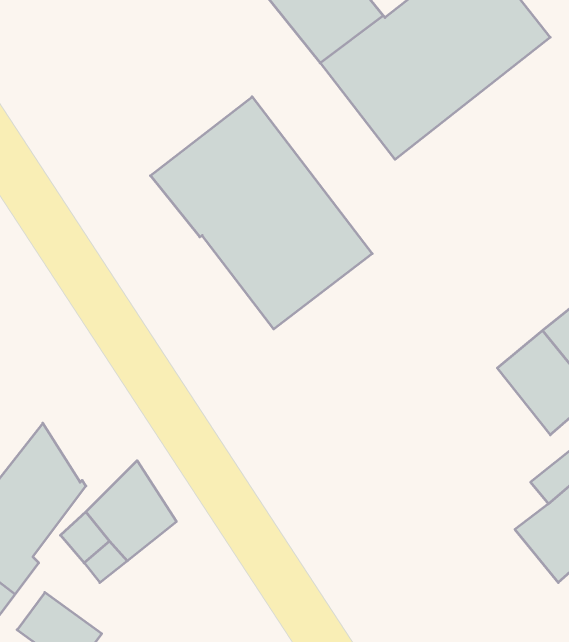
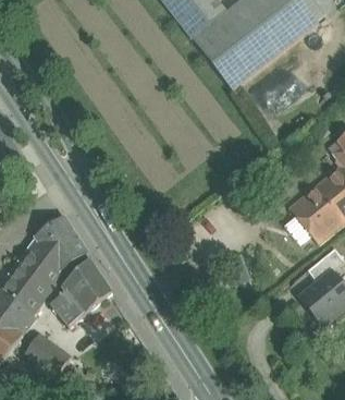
building: [150,97,372,329] -> none
building: none -> [35,217,85,270]

